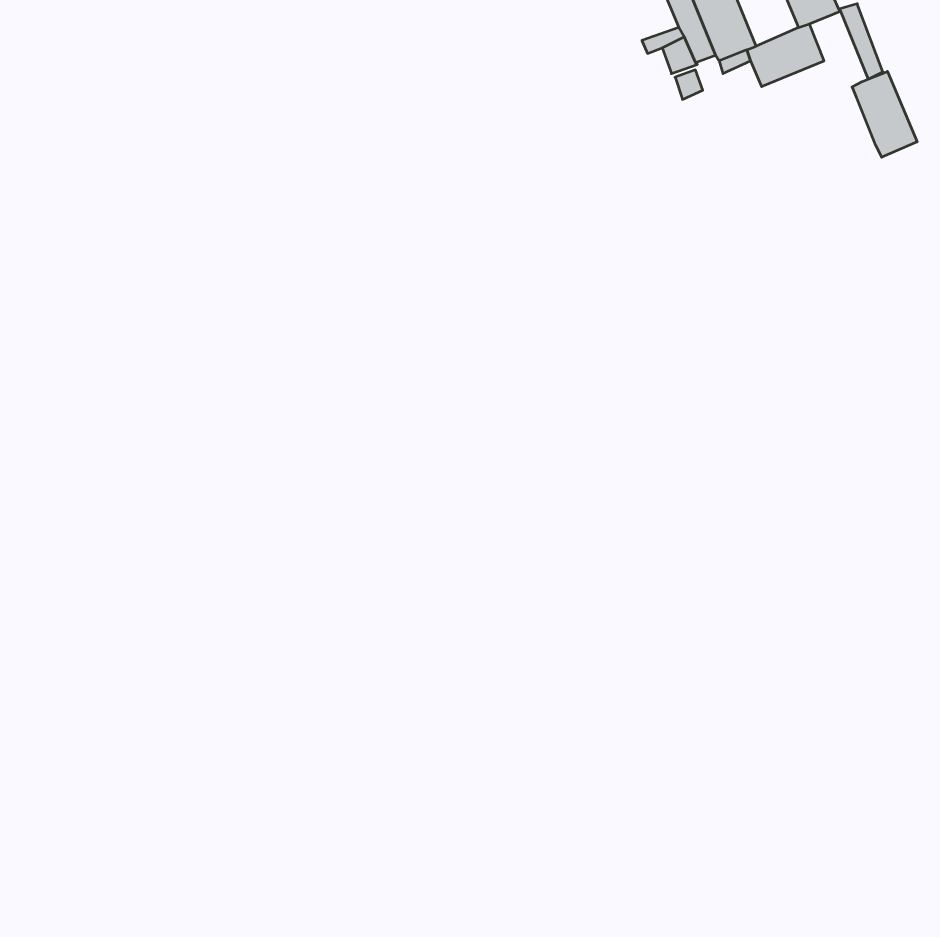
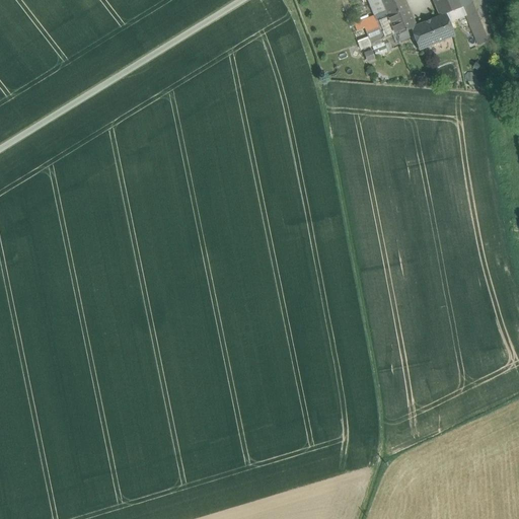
building: [852,71,917,157] -> none

